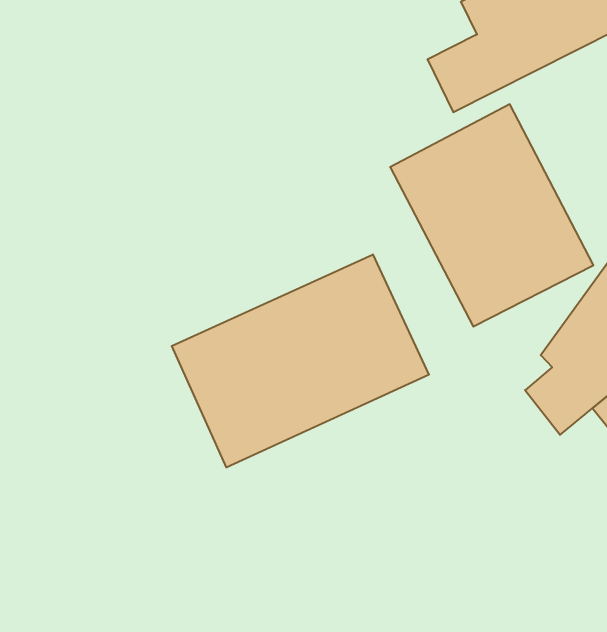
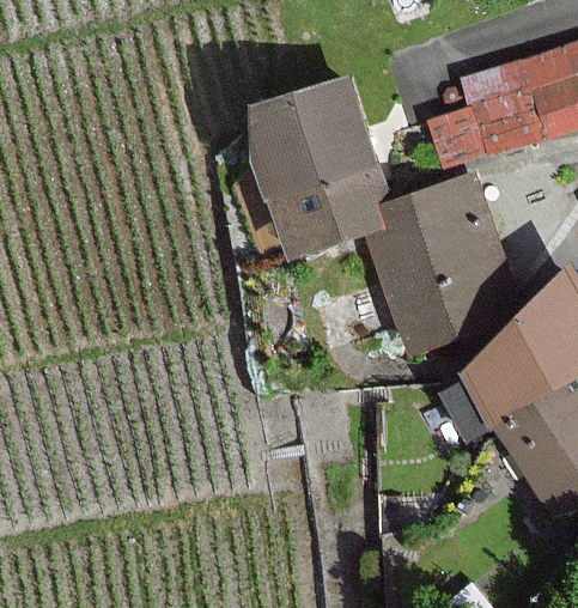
building: none -> [249,80,382,248]
building: [172,254,429,467] -> none

